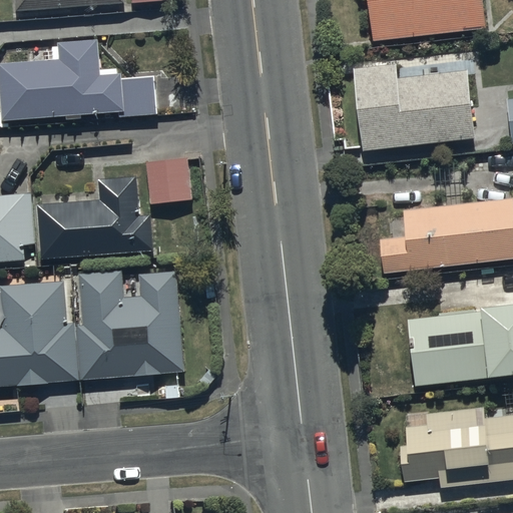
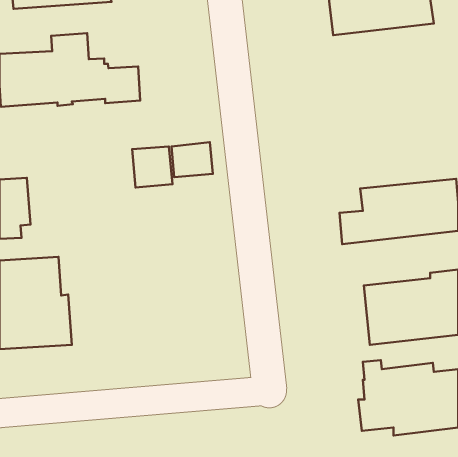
building: [353,62,471,148] -> none
building: none -> [172,142,213,177]
building: [40,183,153,267] -> none
building: [76,274,185,385] -> none

